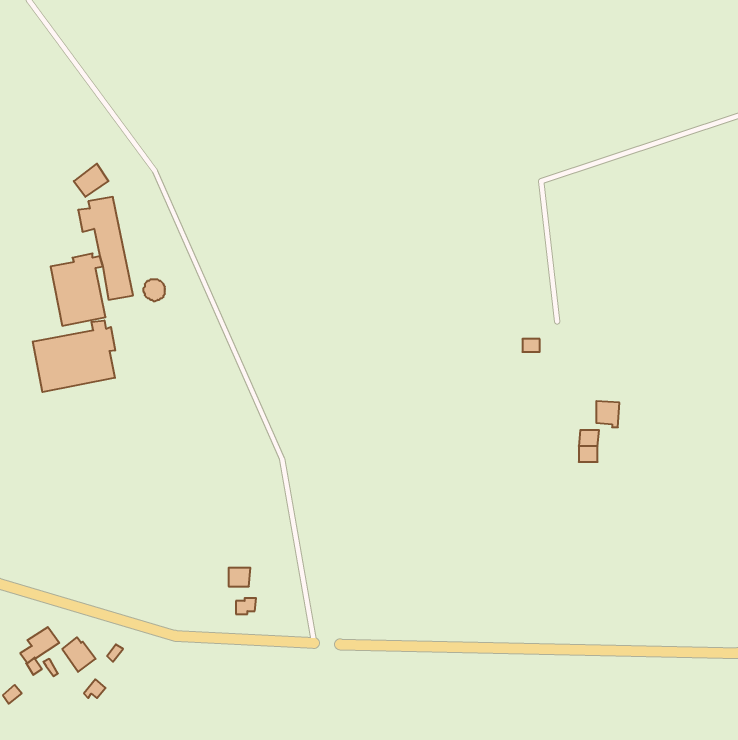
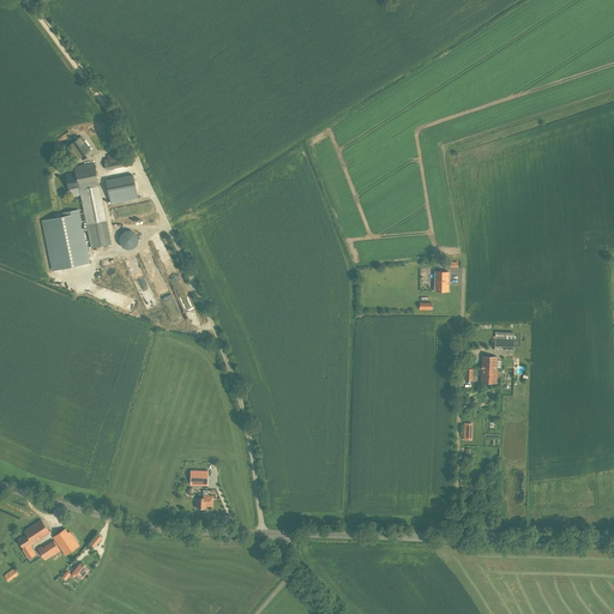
building: none -> [106,175,137,204]
building: [33,320,115,392] -> none

